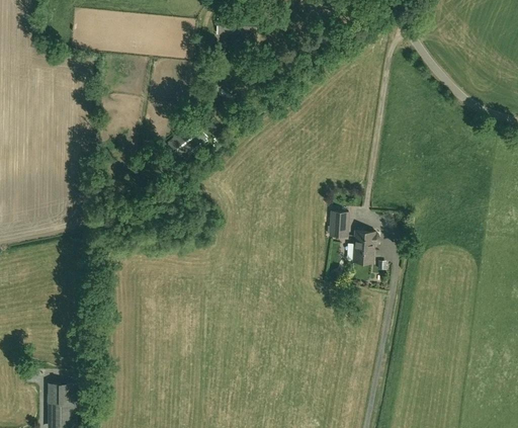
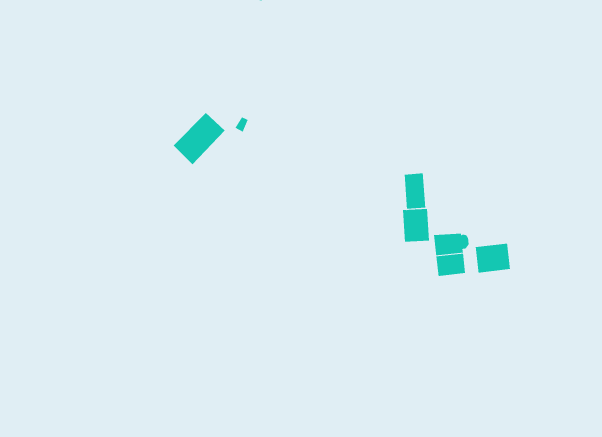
building: none -> [404,172,426,210]
building: none -> [475,243,511,273]

